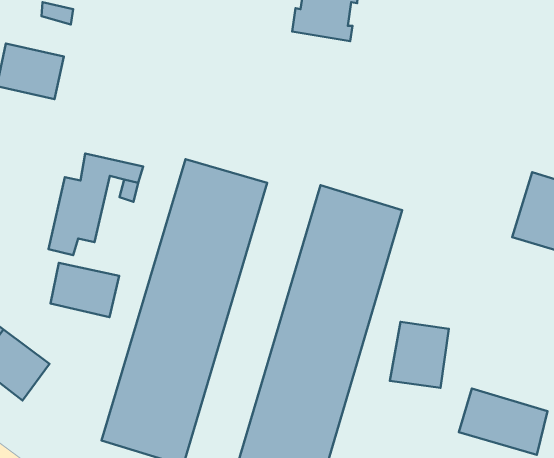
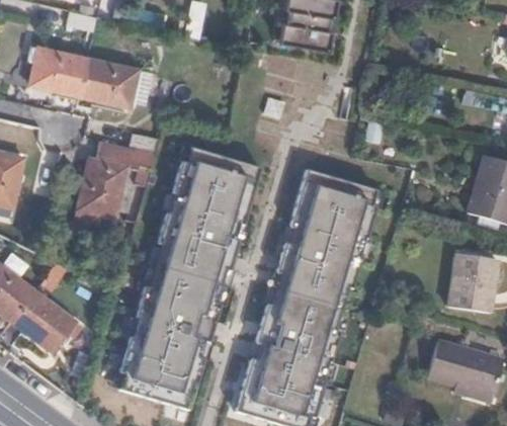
building: none -> [78,57,137,104]
building: [50,263,119,317] -> none
building: [390,322,449,388] -> [447,256,498,313]

